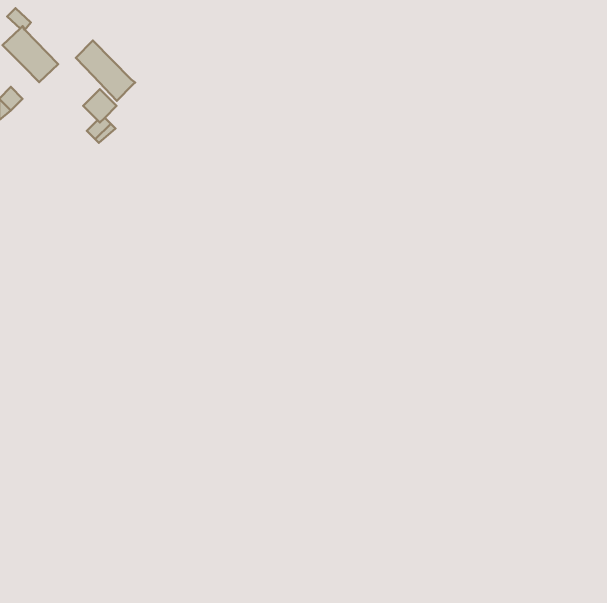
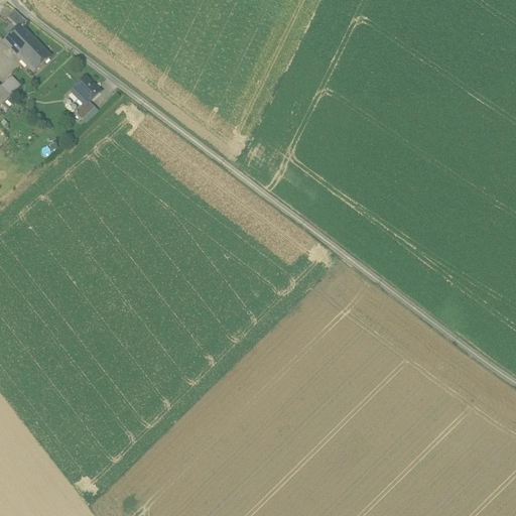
building: [76,40,135,101] -> none

